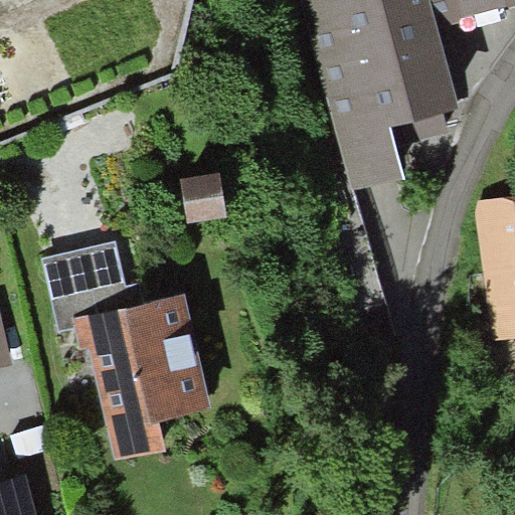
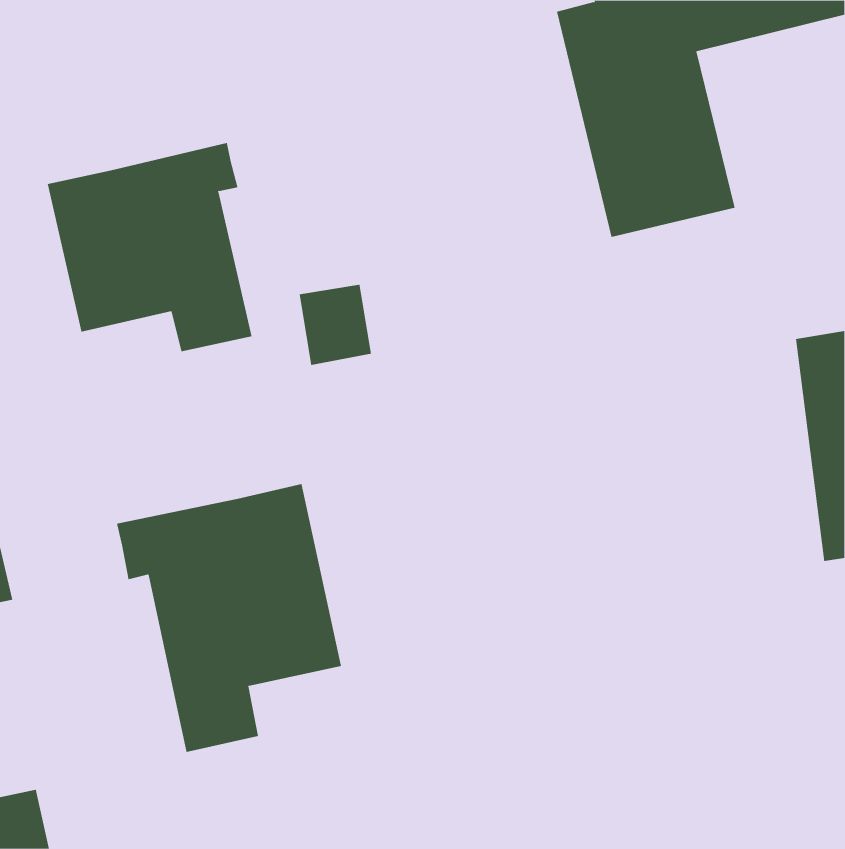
building: none -> [47,142,252,352]
building: [39,240,144,334] -> none

